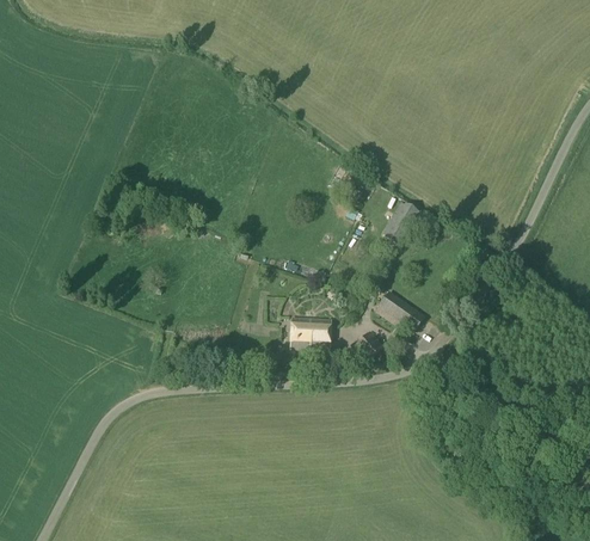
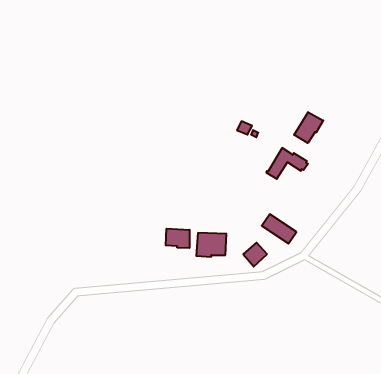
building: none -> [294,112,323,143]
building: none -> [166,229,190,248]

